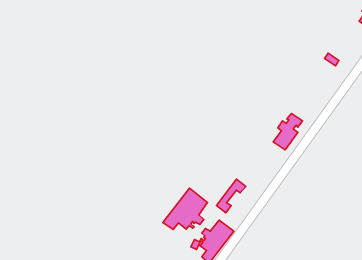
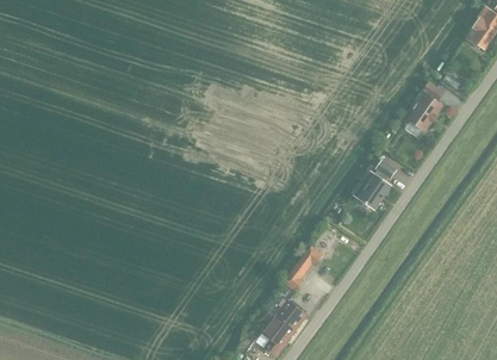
building: none -> [408,92,442,129]
building: [163,188,208,229] -> none

